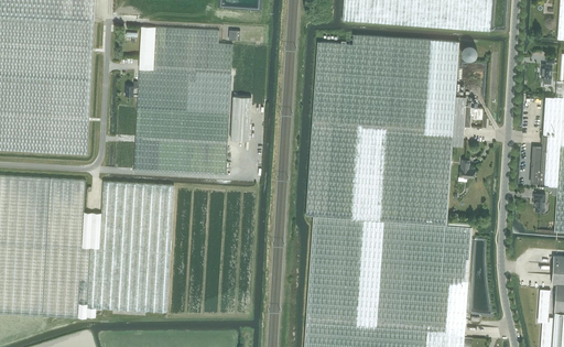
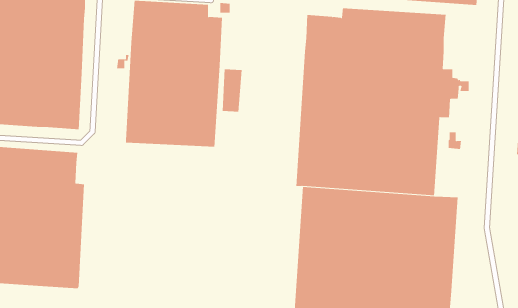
building: [87,182,174,317] -> none

